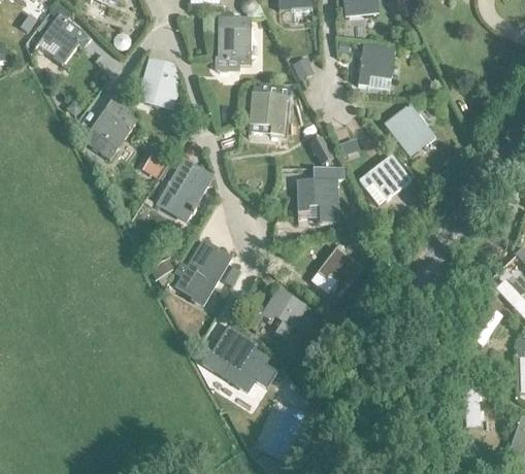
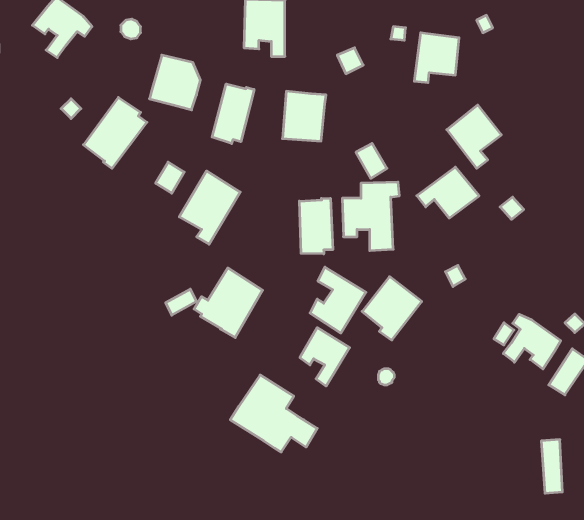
building: none -> [212,84,254,144]
building: none -> [299,198,333,254]
building: none -> [310,267,366,333]
building: none -> [503,314,561,369]

